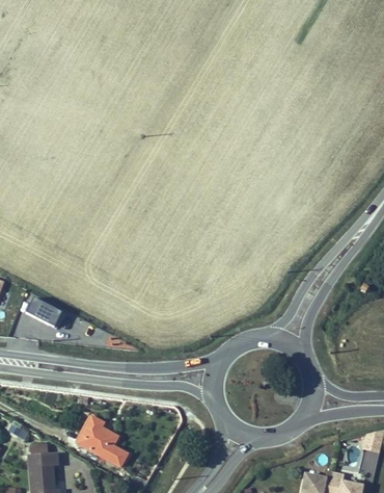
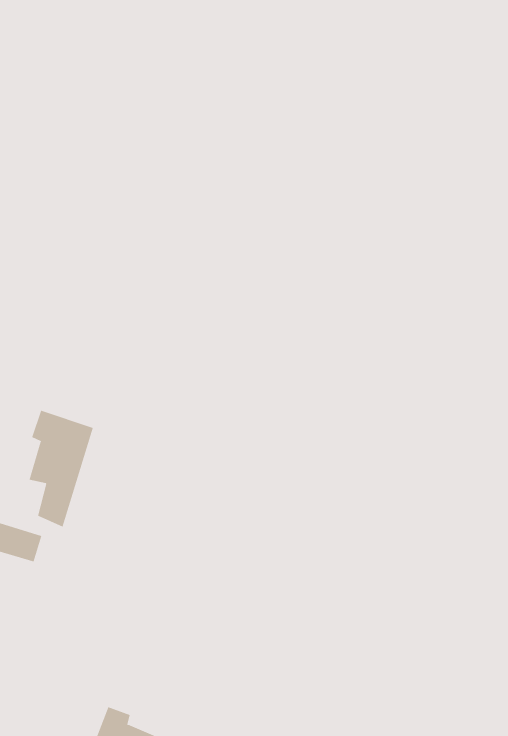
building: none -> [29,410,93,527]

